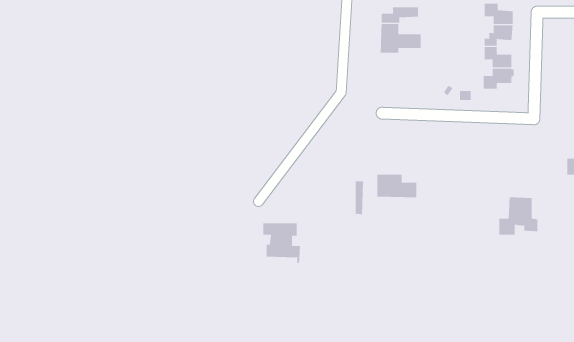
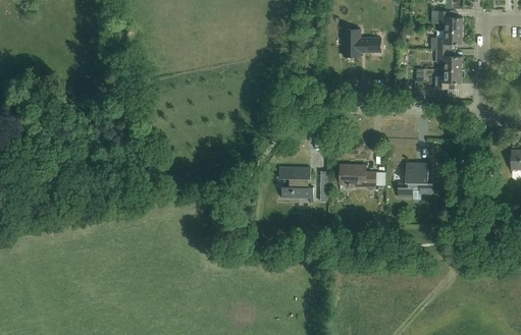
building: [381,6,419,24] -> none
building: [499,197,538,235] -> [398,163,433,198]
building: [262,223,301,263] -> [279,167,314,204]

